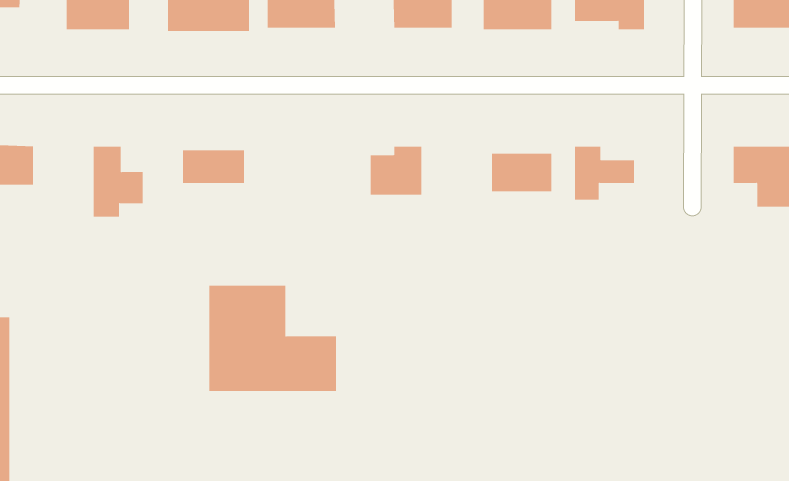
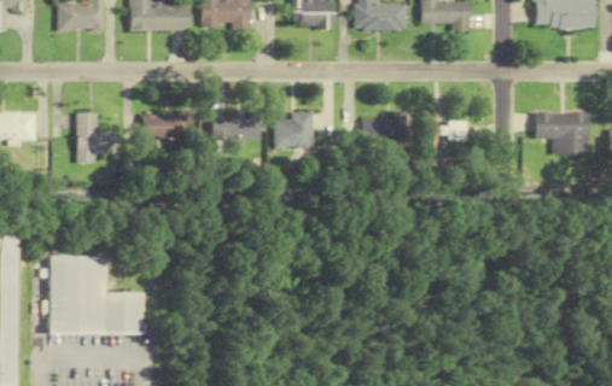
building: none -> [212,112,258,139]
building: [208,285,337,392] -> [49,256,141,332]

